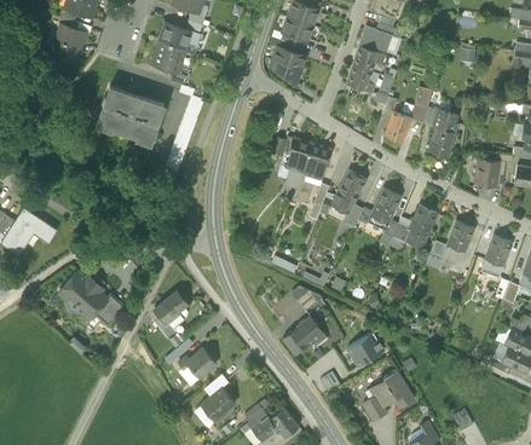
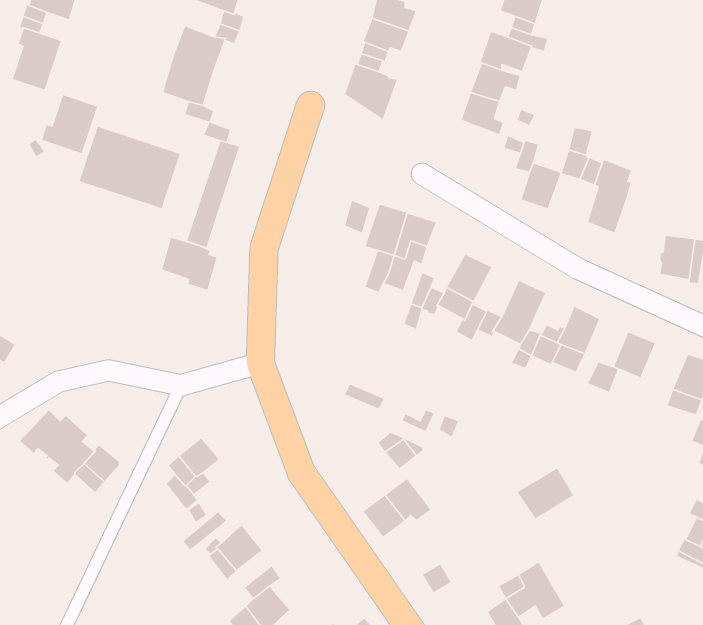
building: none -> [40,94,98,154]
building: none -> [161,237,218,290]
building: [346,333,383,366] -> [517,468,574,520]

